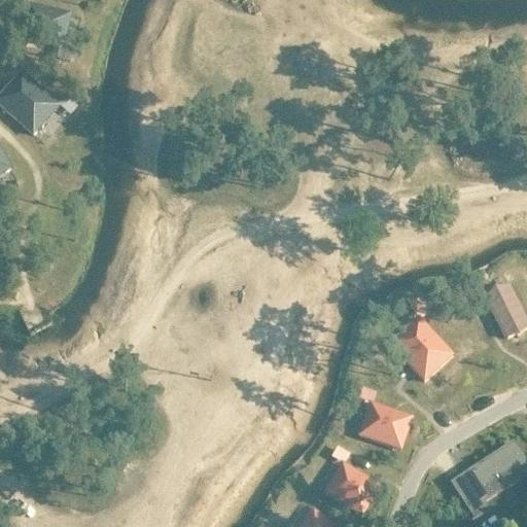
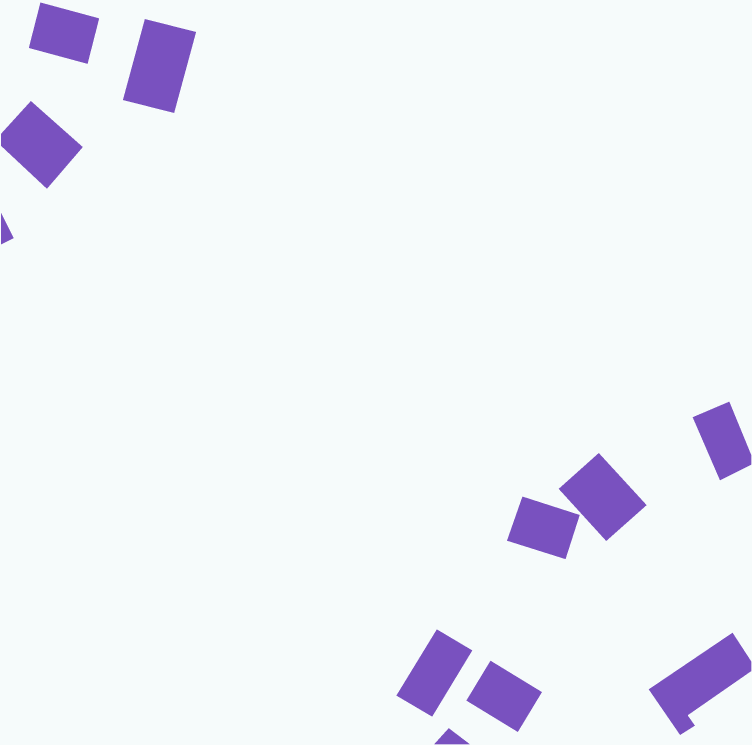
building: none -> [122,18,197,114]
building: [359,401,412,447] -> [506,496,581,560]
building: none -> [395,628,474,718]

